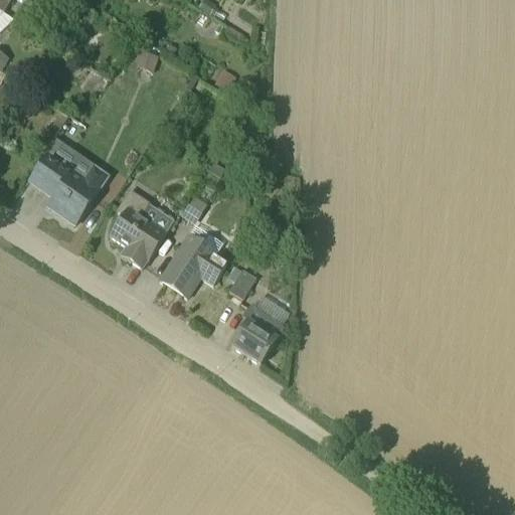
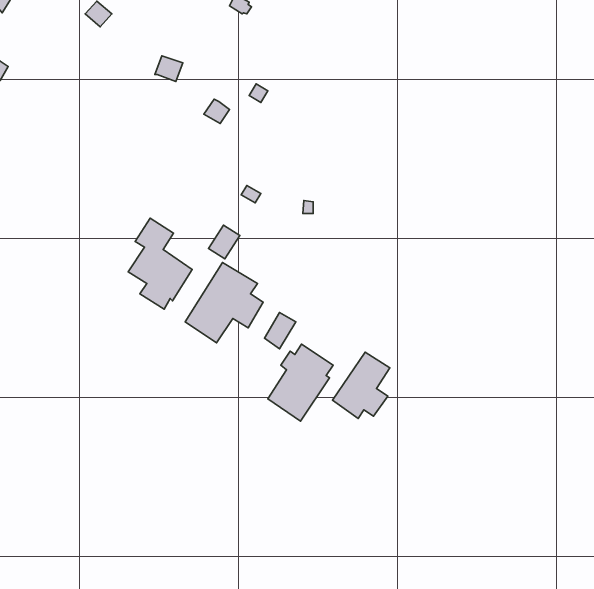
building: [25,116,111,229] -> none
building: none -> [333,352,390,419]

